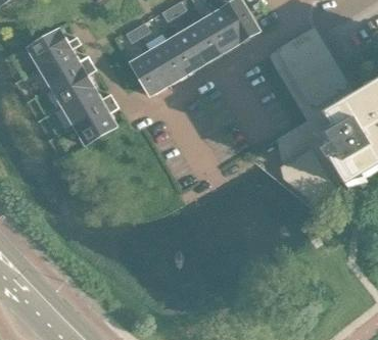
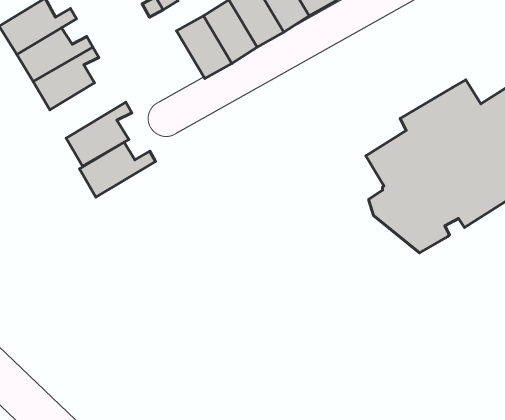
building: [268,41,338,112] -> none
building: [131,52,169,96] -> none
building: [62,88,114,126] -> [80,142,156,197]

